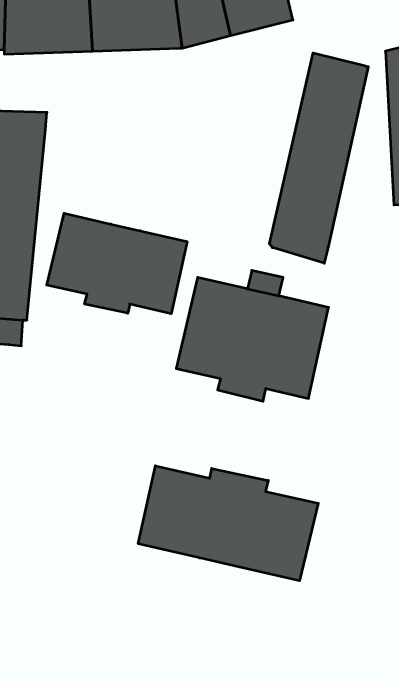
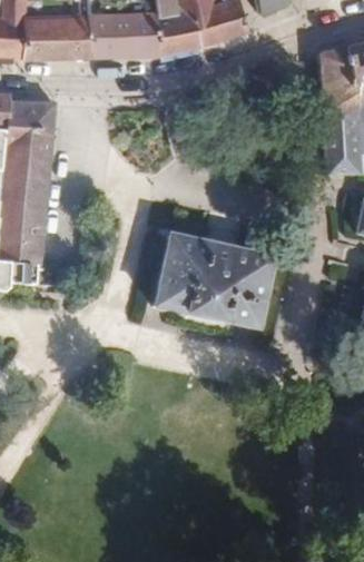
building: [269,53,368,263] -> none
building: [47,213,187,314] -> none
building: [138,466,318,581] -> none

